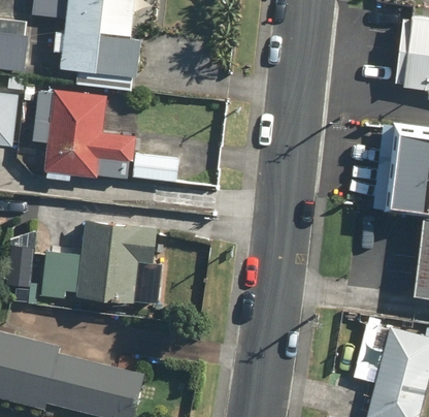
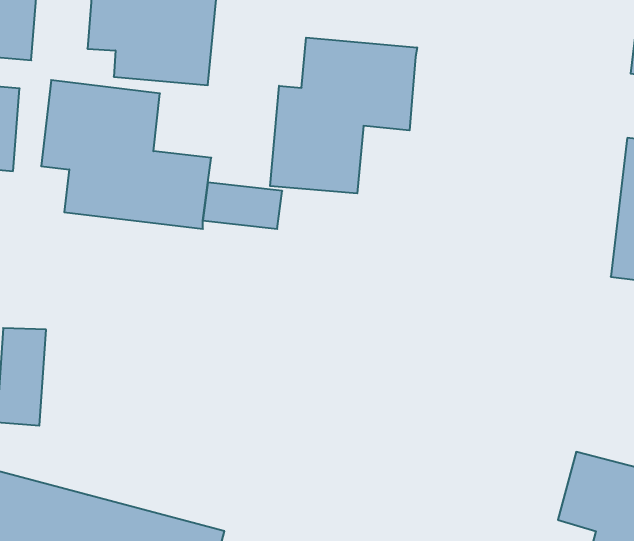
building: none -> [270,38,417,193]
building: [40,222,161,307] -> none

